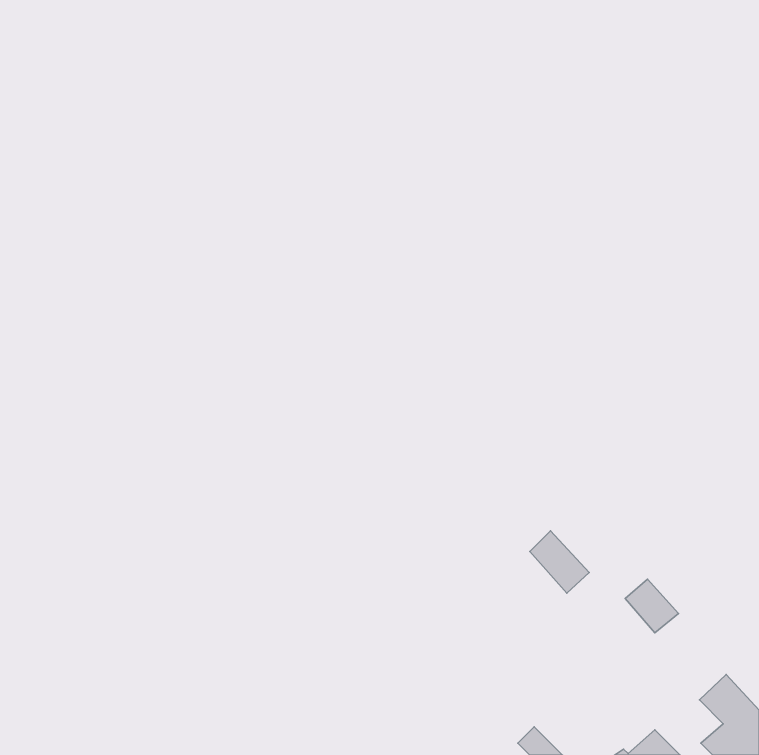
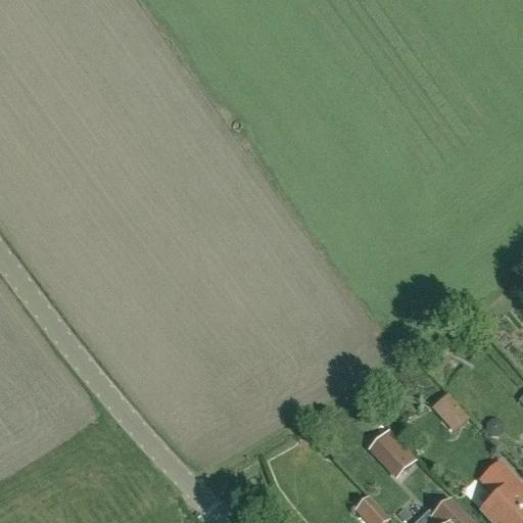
building: [530,531,589,593] -> [373,430,414,473]

